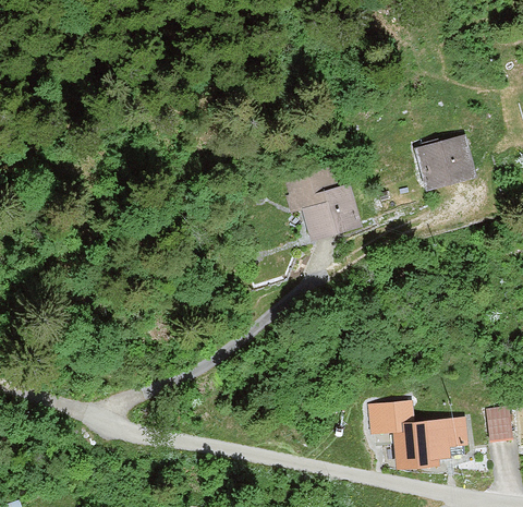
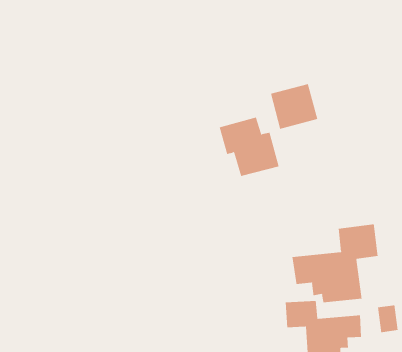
building: [415,133,476,192] -> [270,83,318,129]
building: none -> [292,224,378,303]

